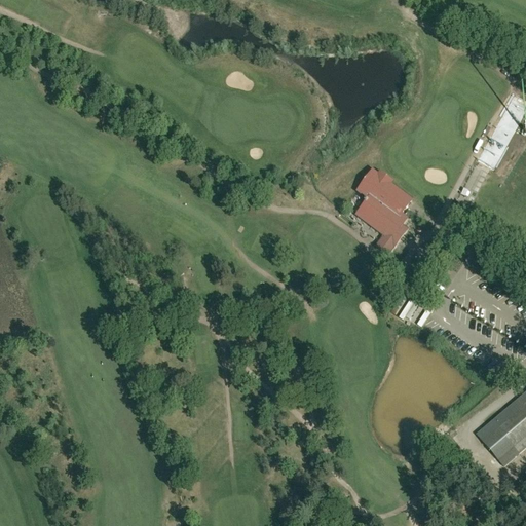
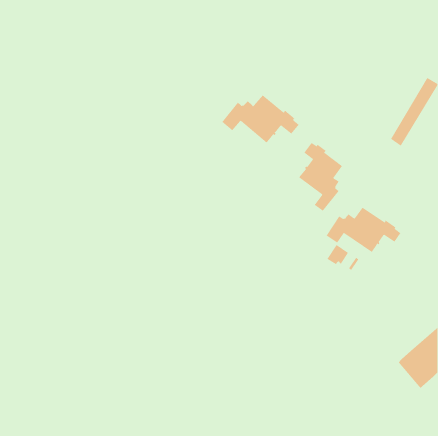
building: none -> [222,95,299,143]
building: none -> [326,207,401,253]

